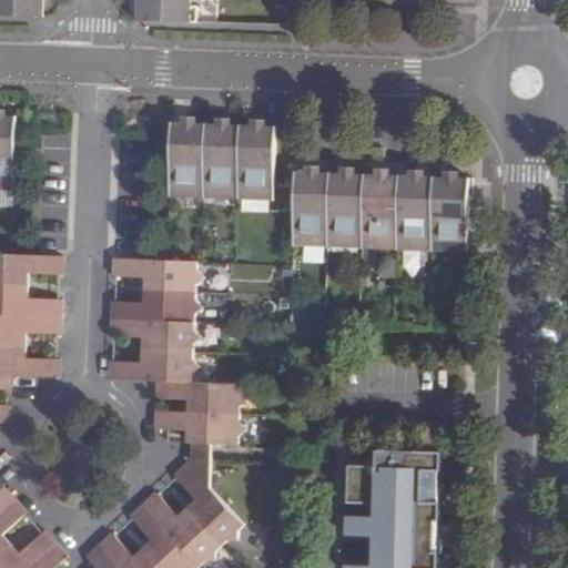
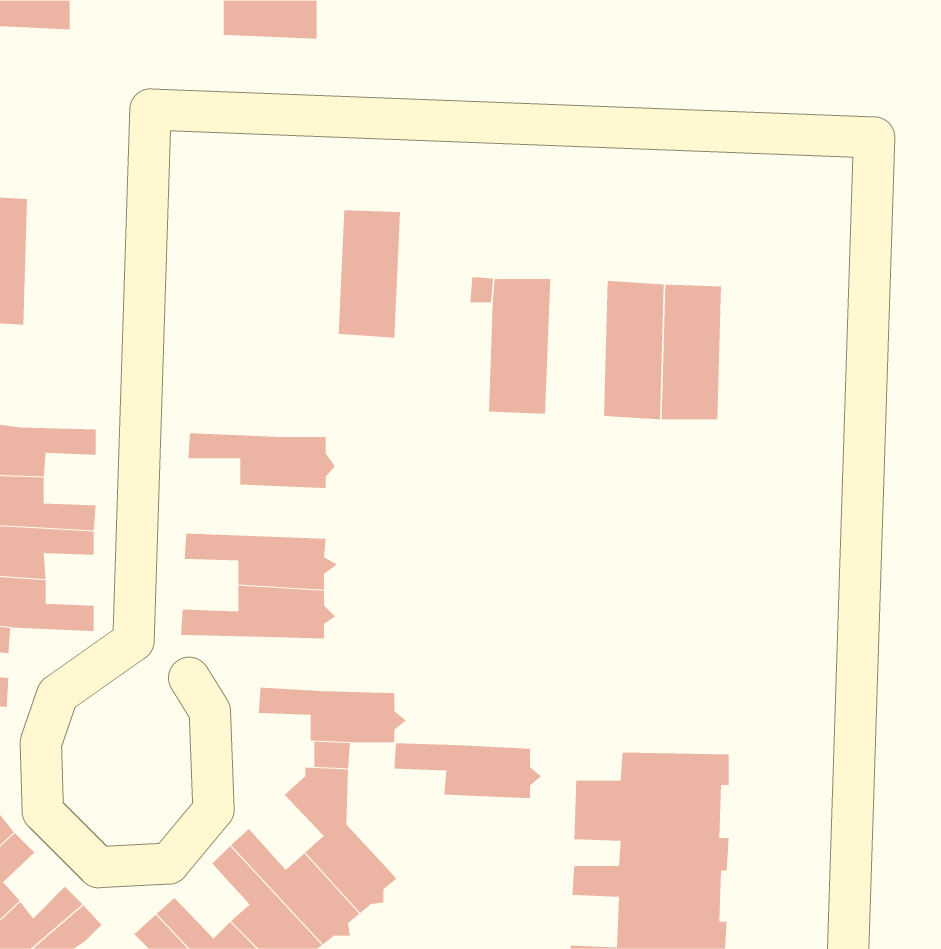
building: [168,124,205,200] -> none
building: [236,126,276,203] -> none
building: [326,166,363,248] -> none
building: [429,171,467,253] -> none
building: [111,290,202,322] -> none
building: [155,381,244,414] -> [393,743,542,799]

